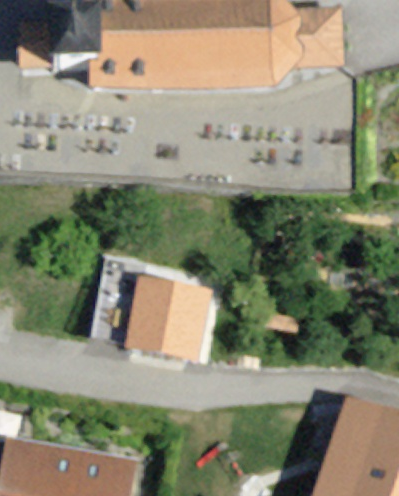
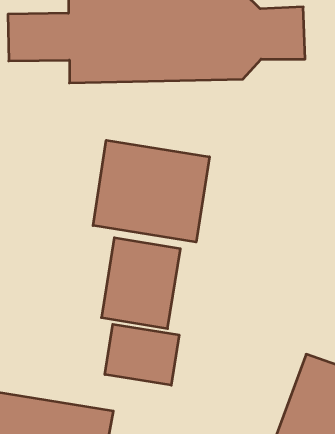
building: none -> [93,140,209,242]
building: none -> [105,324,179,385]

